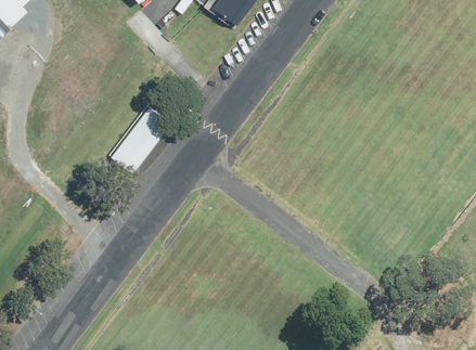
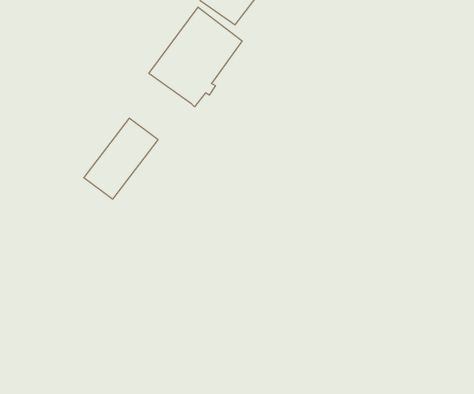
building: none -> [149,7,242,107]

